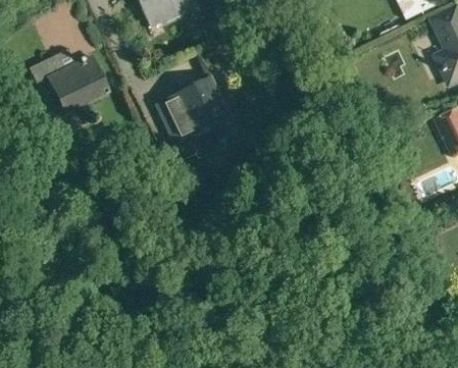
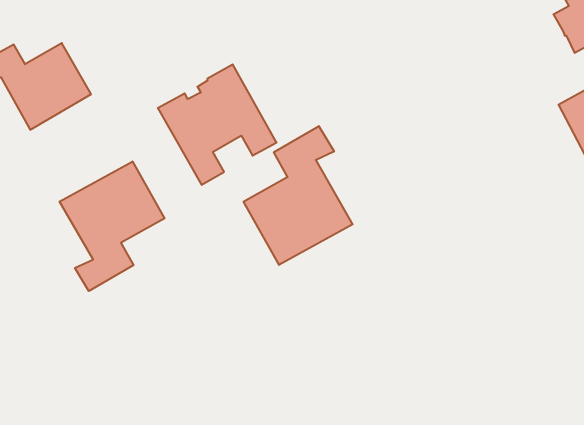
building: none -> [244,126,353,265]
building: none -> [60,161,165,291]

